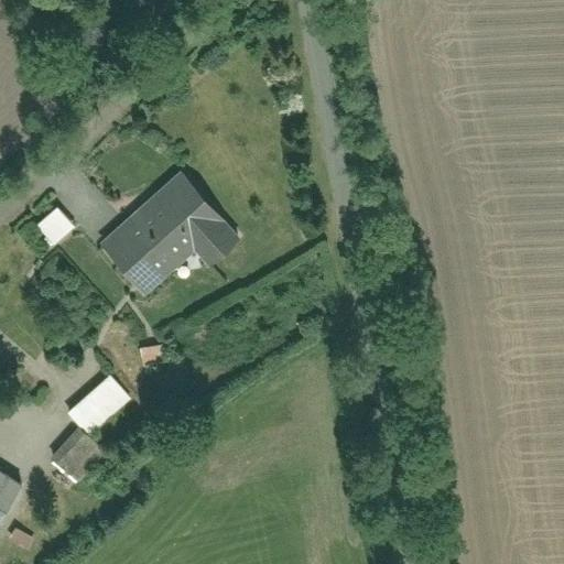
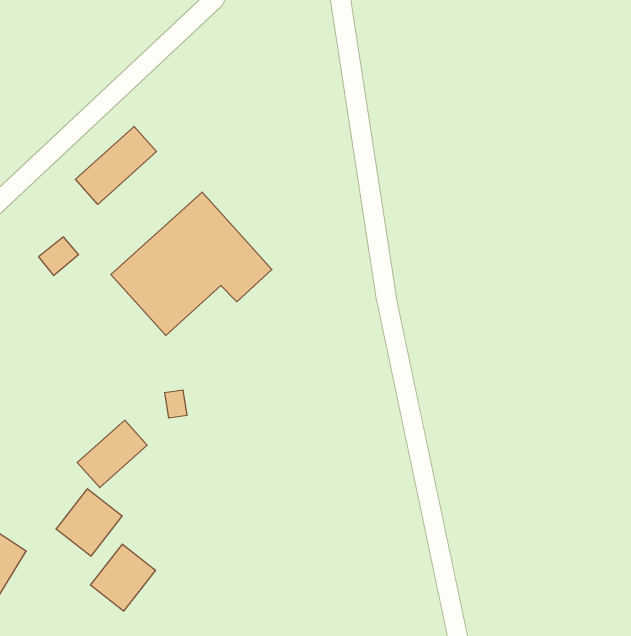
building: none -> [75,126,157,204]
building: none -> [90,544,156,611]

